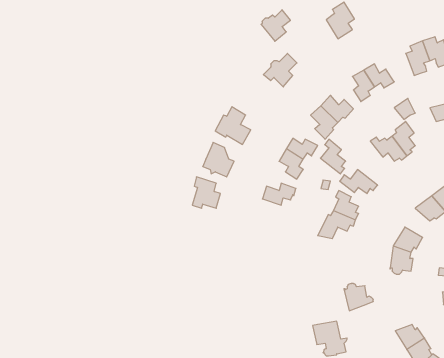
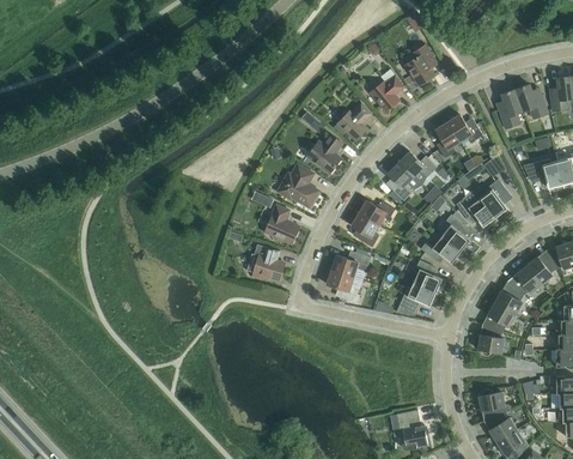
building: [261,10,290,41] -> [370,76,403,111]
building: none -> [306,134,341,174]
building: [320,139,346,174] -> [440,215,469,254]
building: none -> [325,270,359,303]
building: none -> [494,280,523,314]
building: [344,284,373,311] -> [477,389,511,421]

